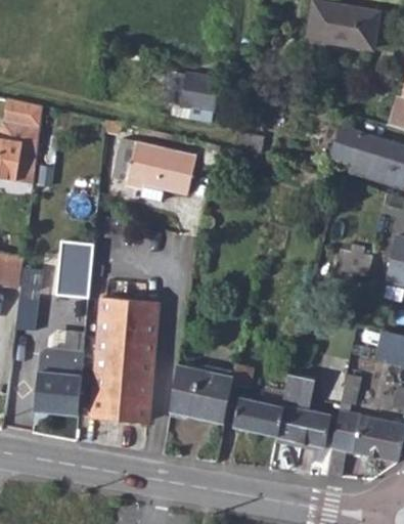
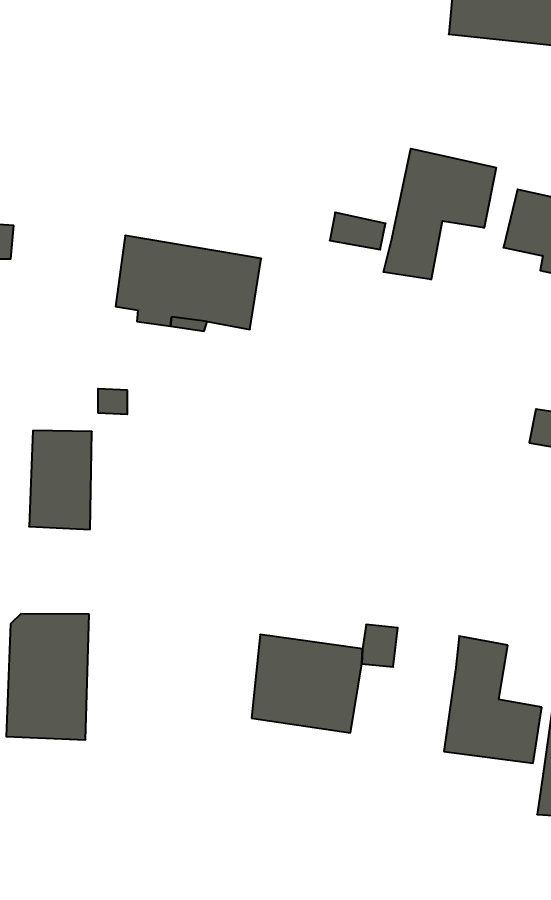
building: [172,72,218,110] -> none
building: none -> [383,149,496,280]
building: [91,296,160,420] -> none
building: [234,386,285,436] -> none

